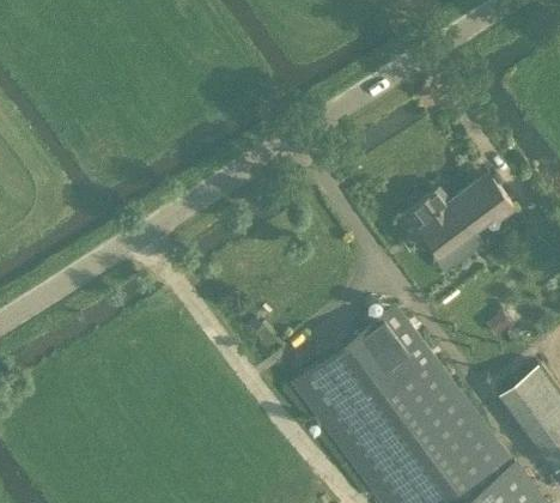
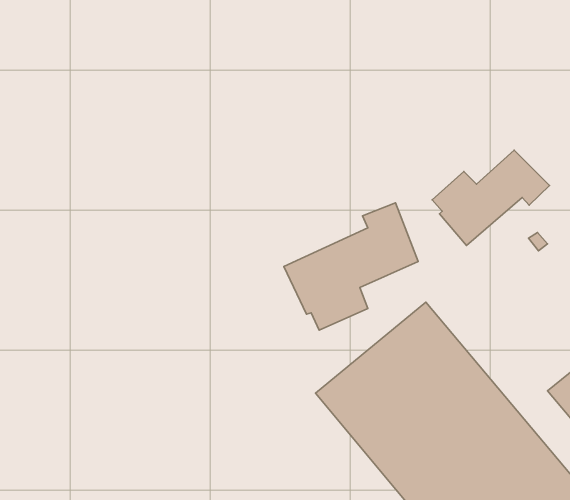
building: none -> [284,203,418,330]

